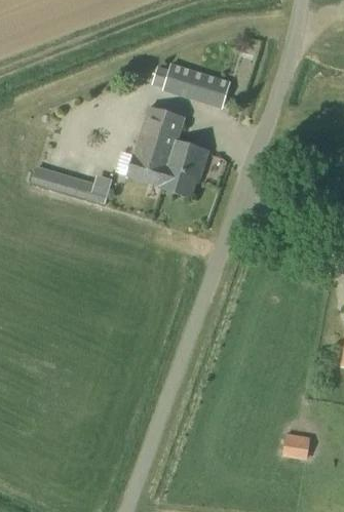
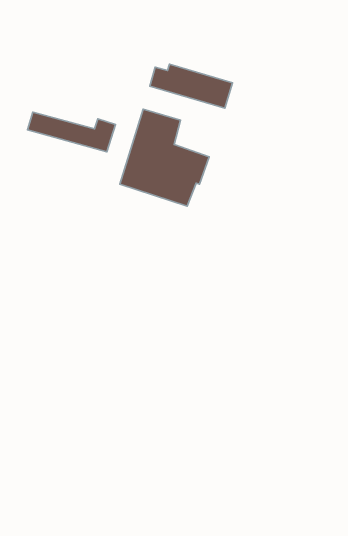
building: [32,167,114,204] -> [27,112,116,152]
building: [283,433,311,460] -> none

